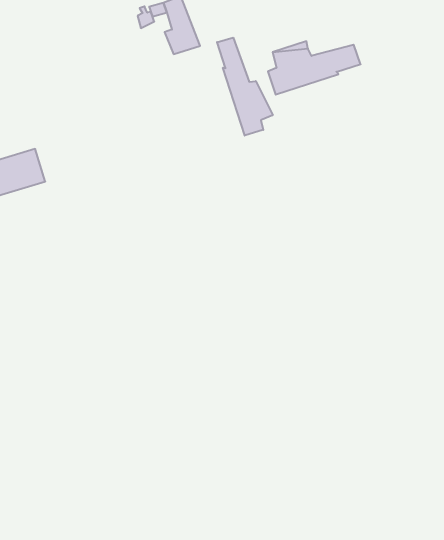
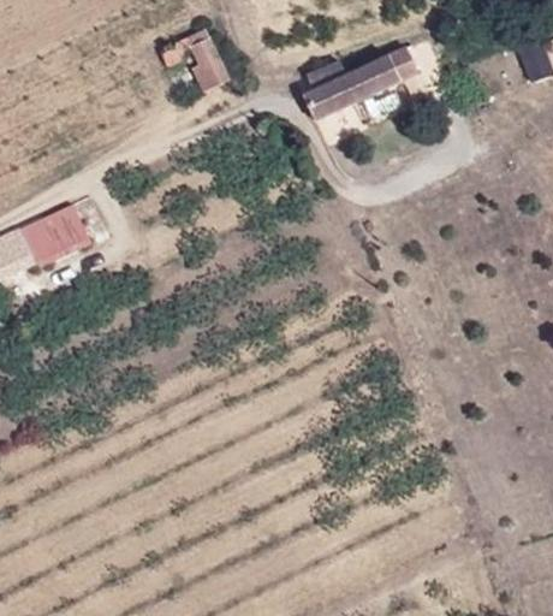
building: [217,38,273,136] -> none

